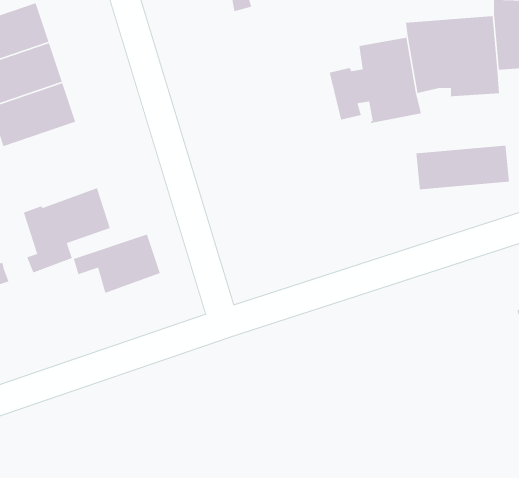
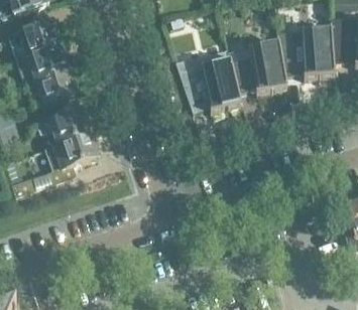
building: none -> [178,55,241,110]
building: [416,145,510,190] -> none
building: [73,234,161,294] -> [37,106,91,142]

